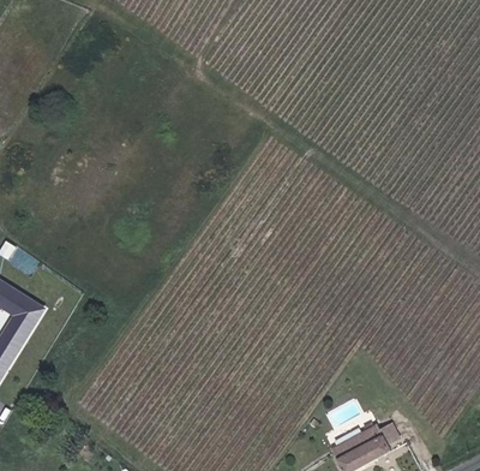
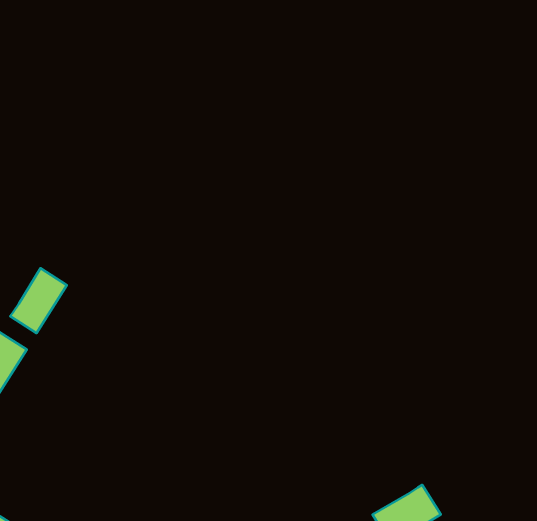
building: none -> [10,268,67,333]

